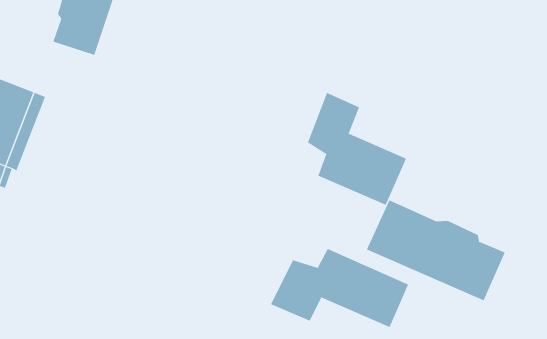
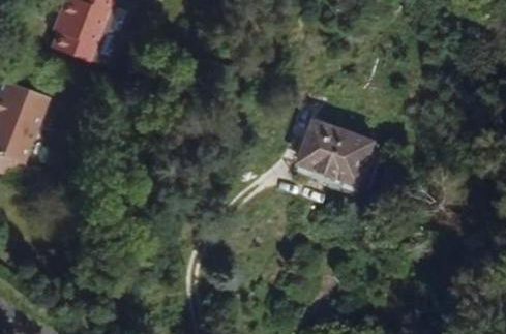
building: [366,200,506,301] -> none
building: [270,248,409,328] -> none

